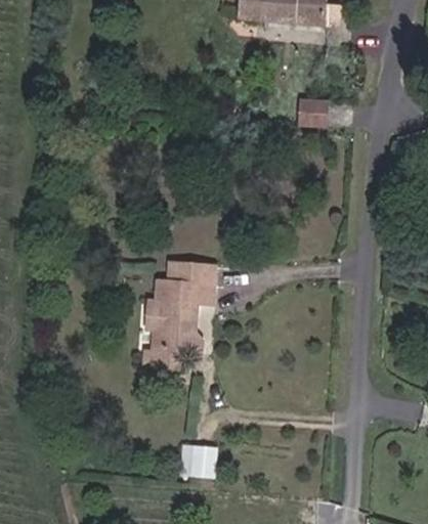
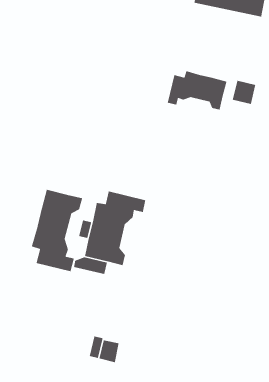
building: none -> [167,70,227,111]
building: none -> [31,189,83,272]

